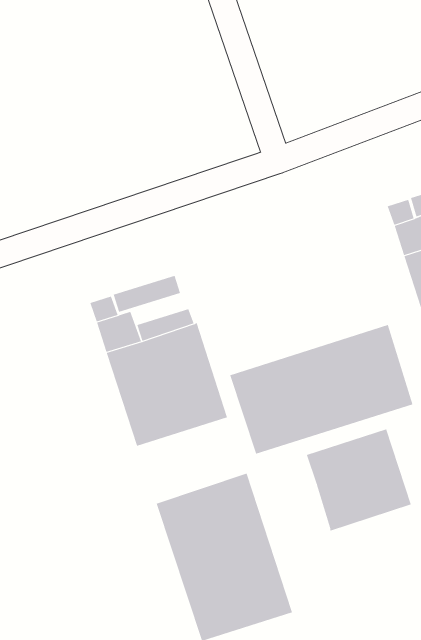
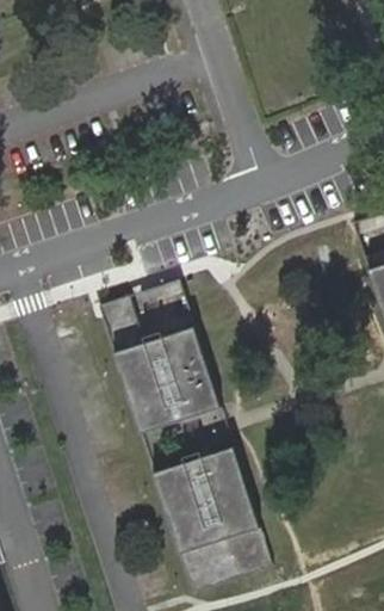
building: [230,324,413,455] -> none
building: [306,429,411,531] -> none

